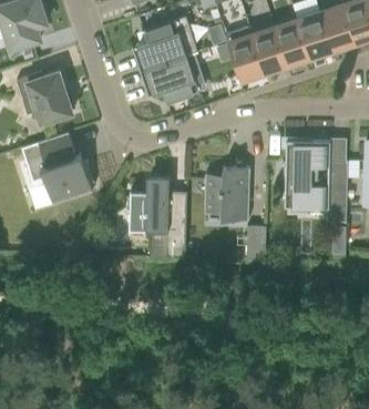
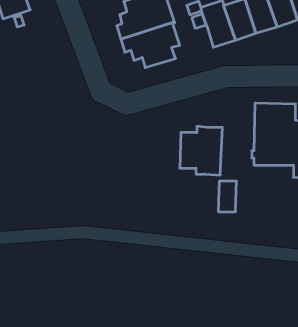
building: [17,71,74,123] -> none
building: [21,132,94,203] -> none
building: [130,178,187,257] -> none

